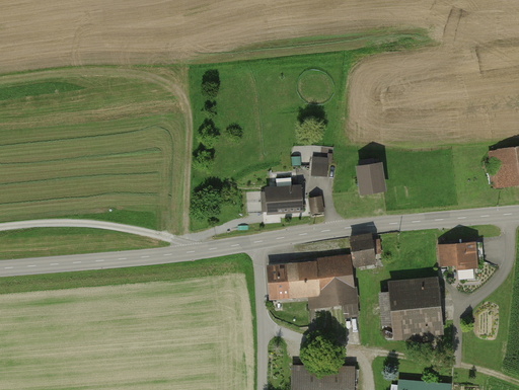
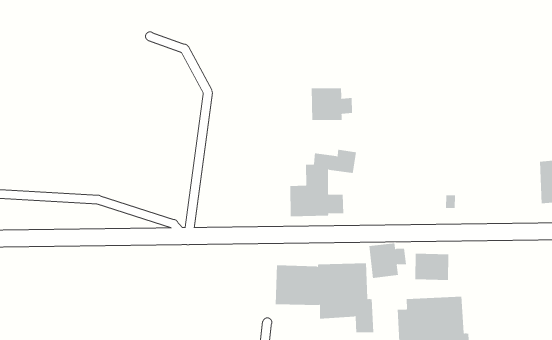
building: none -> [311,87,353,121]
building: [352,161,385,197] -> none
building: [438,242,470,267] -> [415,253,449,280]

